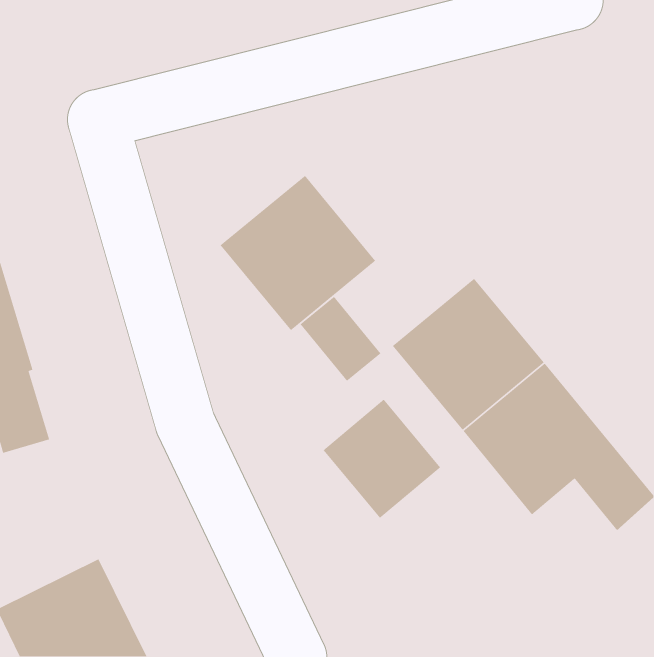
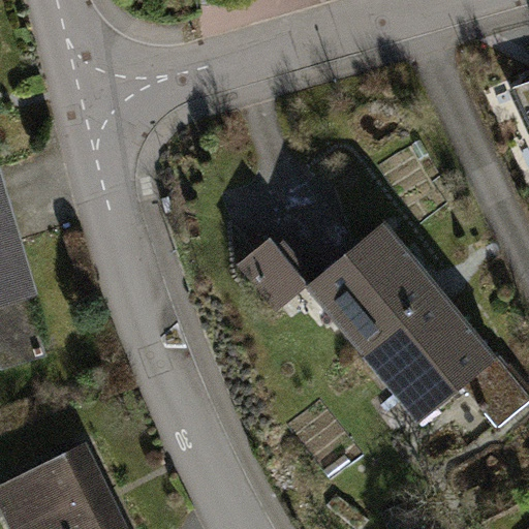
building: [220,175,376,331] -> none
building: [322,398,441,519] -> none

